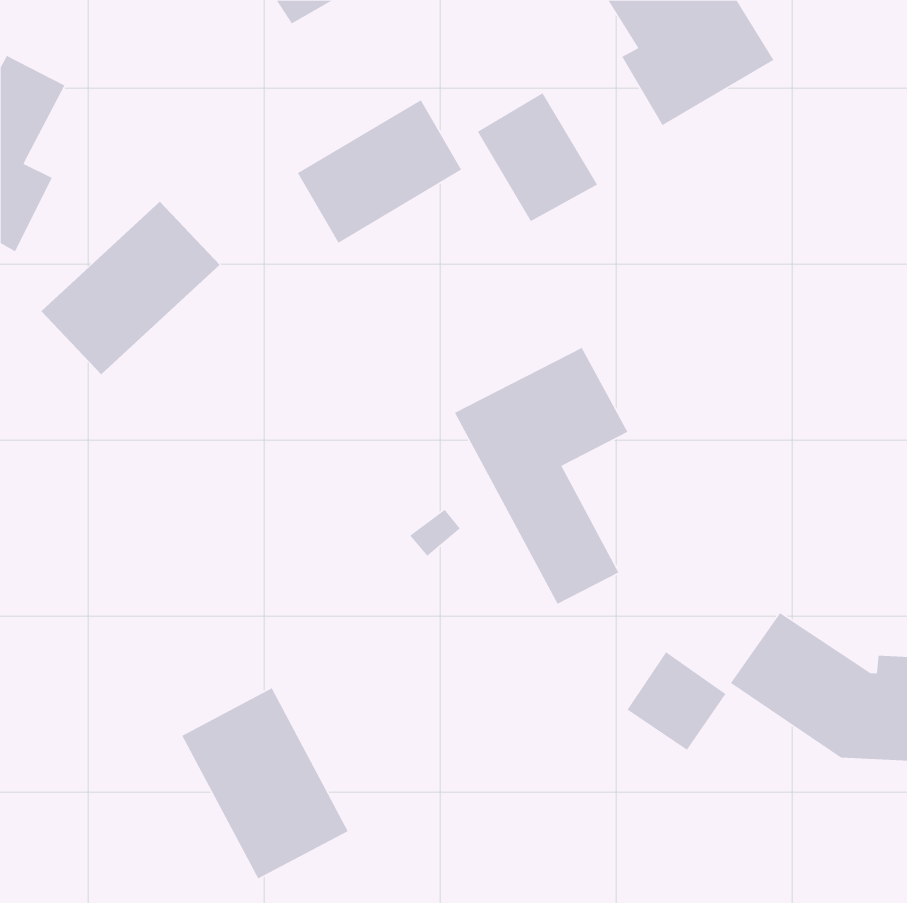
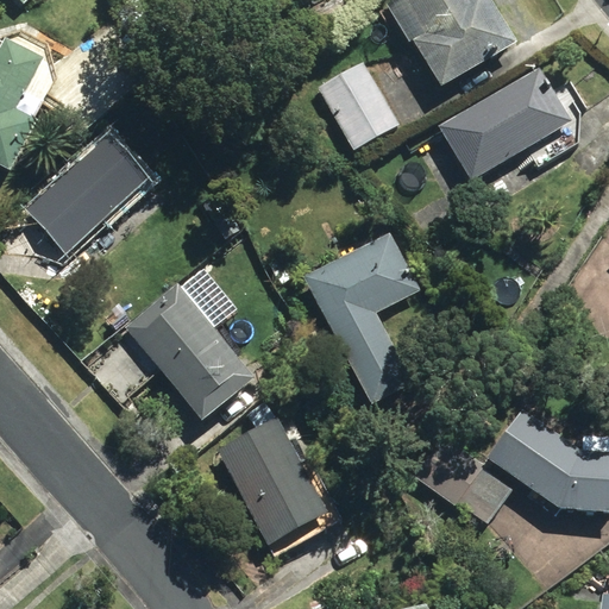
building: [297,99,462,244] -> none
building: none -> [440,68,571,180]
building: none -> [124,282,256,421]
building: [181,687,349,880] -> [216,416,328,545]

